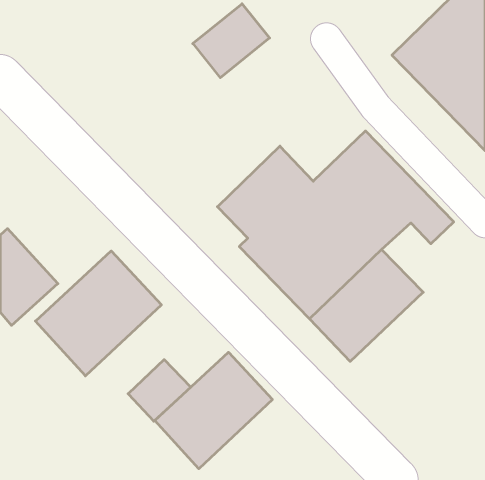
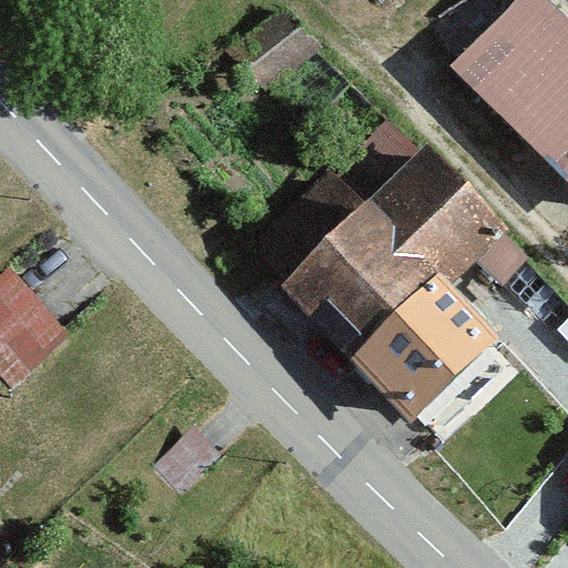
building: [35,251,161,376] -> none
building: [155,352,272,469] -> none

